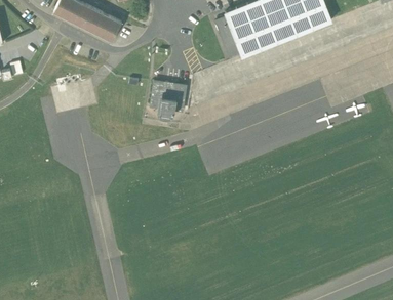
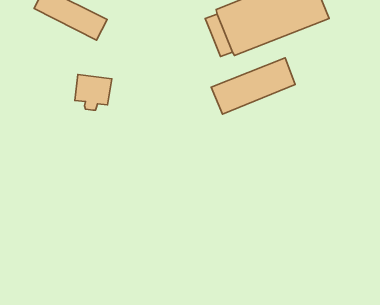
building: none -> [211,58,295,114]
building: [151,83,186,117] -> [75,74,112,110]

